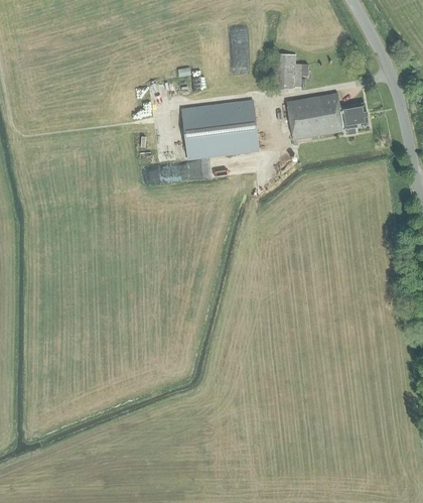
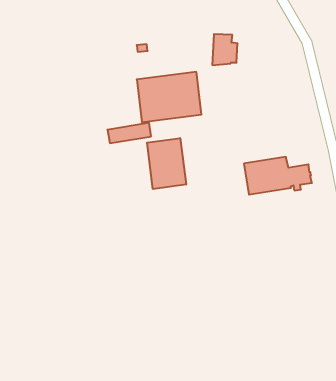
building: [287,94,369,139] -> [244,157,312,195]
building: none -> [147,138,186,189]

